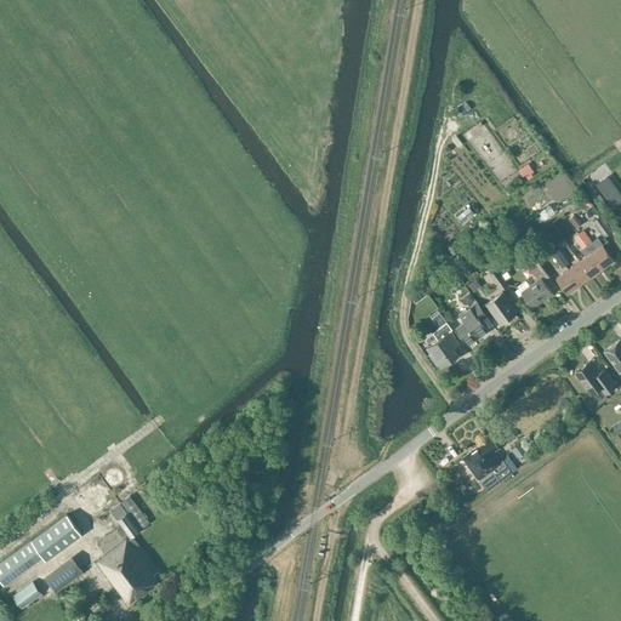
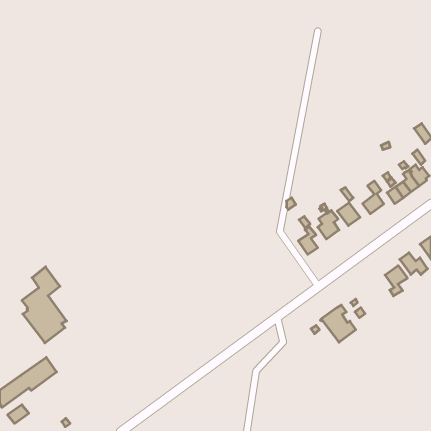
building: none -> [385,266,407,296]
building: [95,495,159,604] -> [22,267,67,343]
building: [45,559,82,593] -> none

